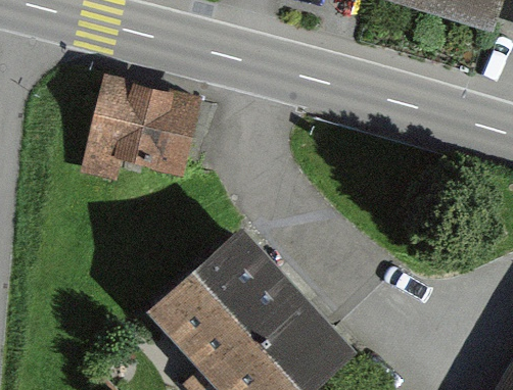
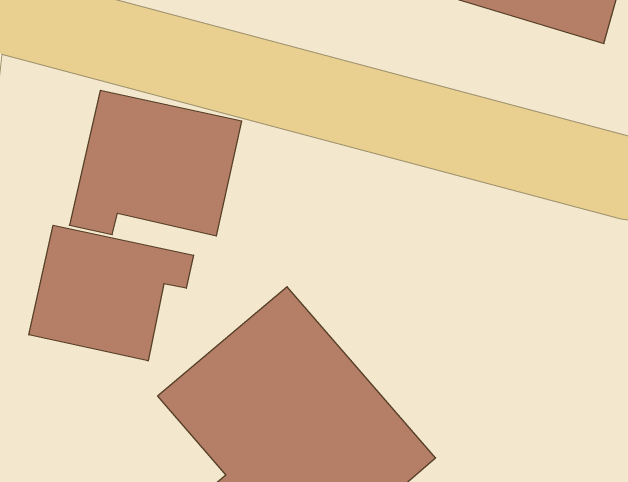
building: none -> [29,225,193,361]

